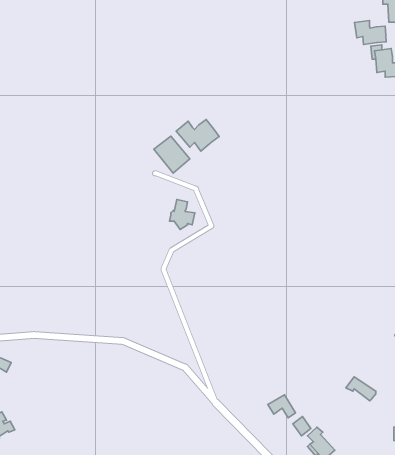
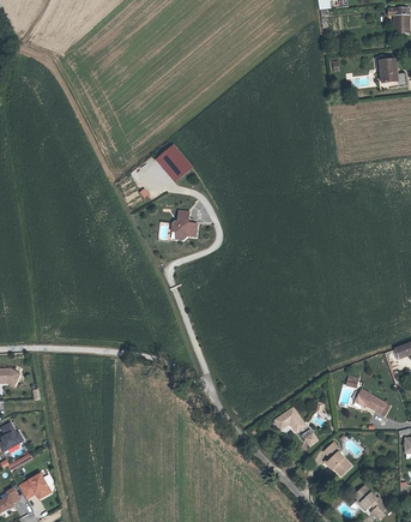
building: [354,20,386,44] -> none
building: [176,120,219,151] -> none

